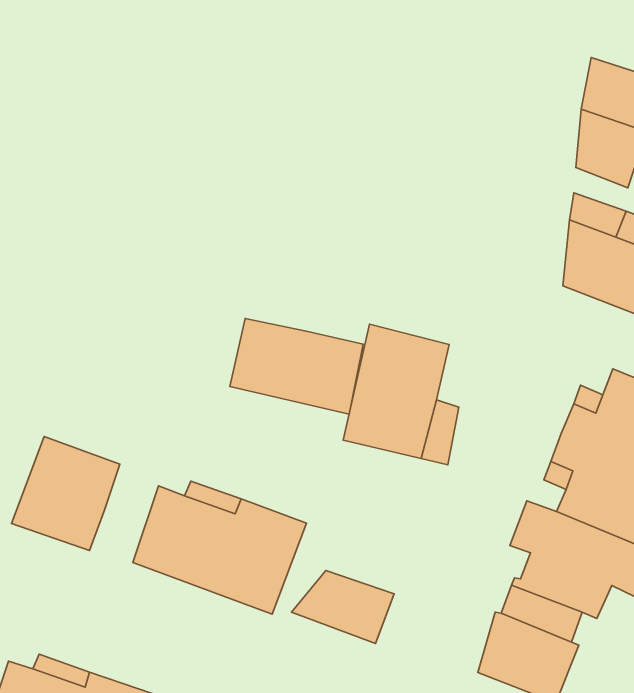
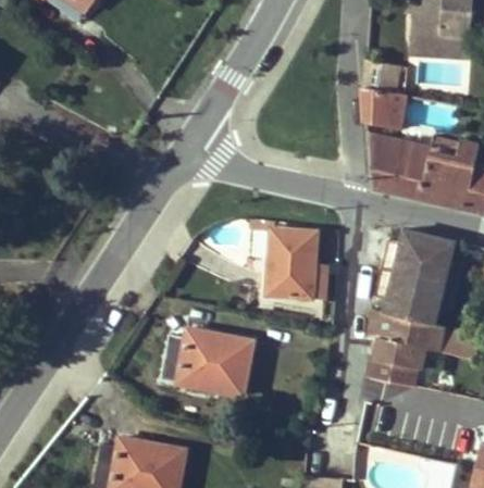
building: [230,319,363,414] -> none
building: [12,437,120,551] -> none
building: [291,571,394,643] -> none

